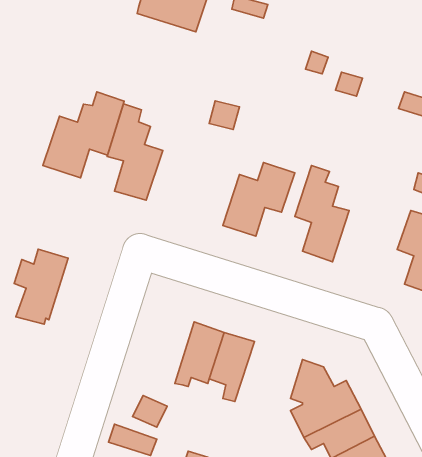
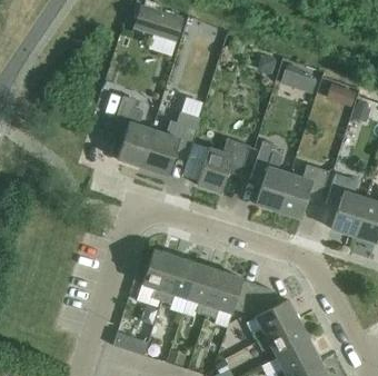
building: [43,92,124,178] -> [140,111,200,175]
building: none -> [278,164,329,218]
building: [14,249,68,324] -> [136,249,176,305]
building: none -> [206,270,256,318]

